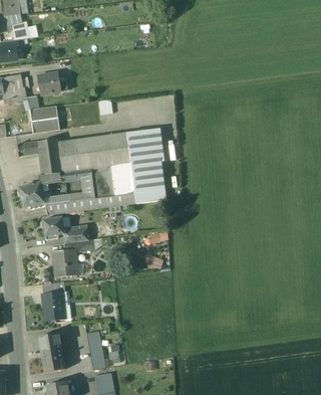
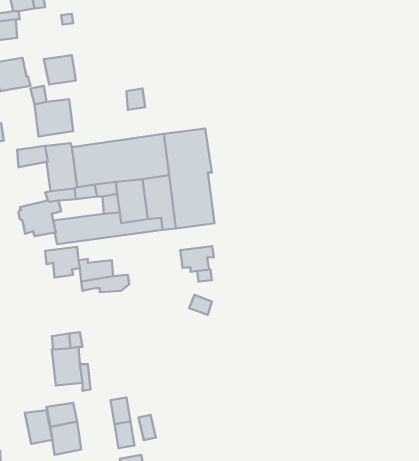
building: none -> [180,246,214,272]
building: [52,248,77,277] -> none
building: none -> [25,410,52,444]

